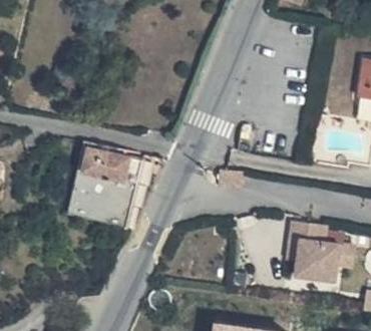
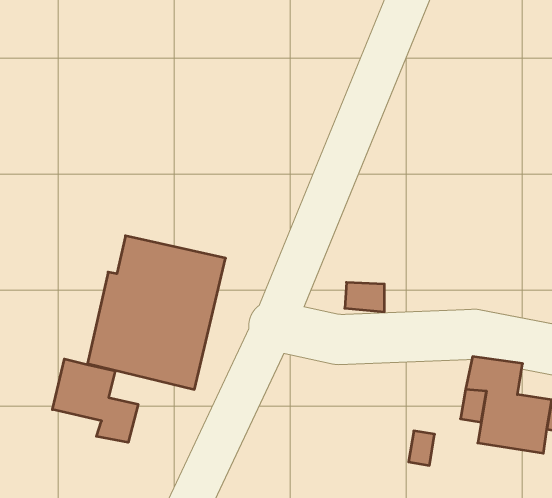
building: none -> [52,359,138,442]

